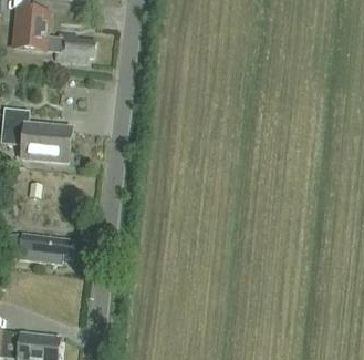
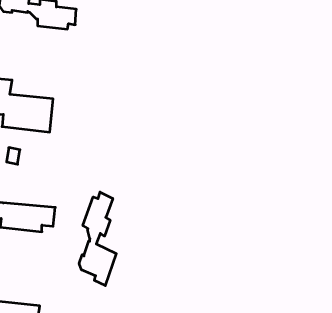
building: none -> [79,192,116,286]

